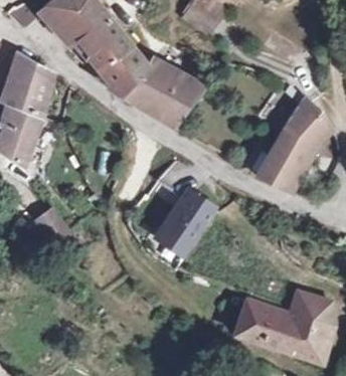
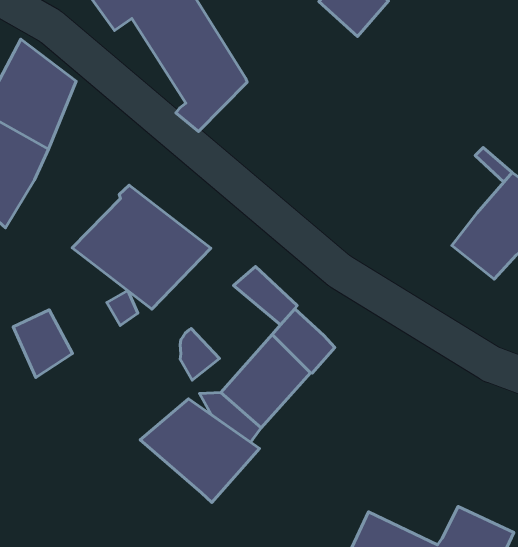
building: [125,58,203,127] -> [72,185,211,309]
building: [257,145,302,190] -> none
building: none -> [140,399,259,502]

